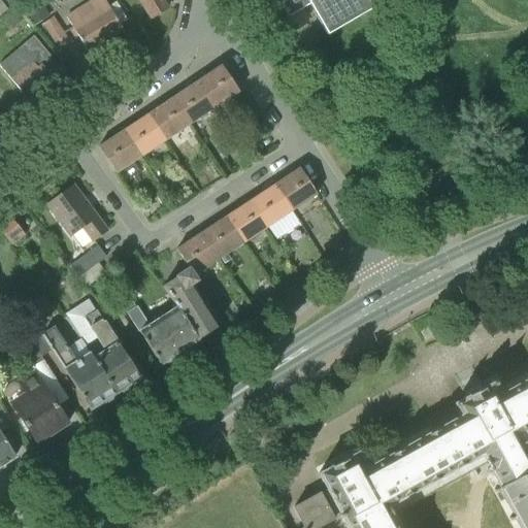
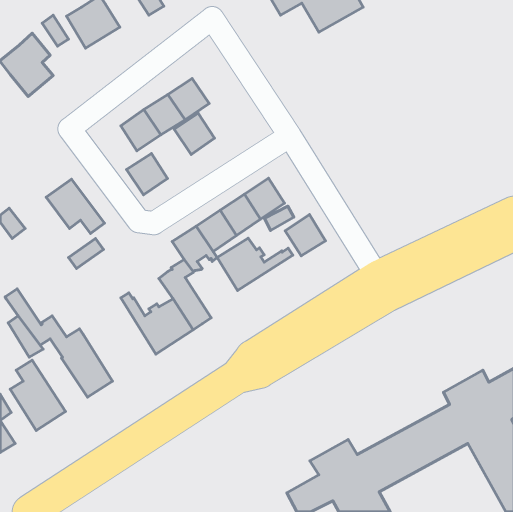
building: [198,64,239,106] -> [174,113,214,154]
building: [99,129,141,171] -> [126,154,168,195]
building: [276,166,318,208] -> [285,215,325,256]
building: none -> [217,238,293,291]
building: [80,301,141,391] -> none

